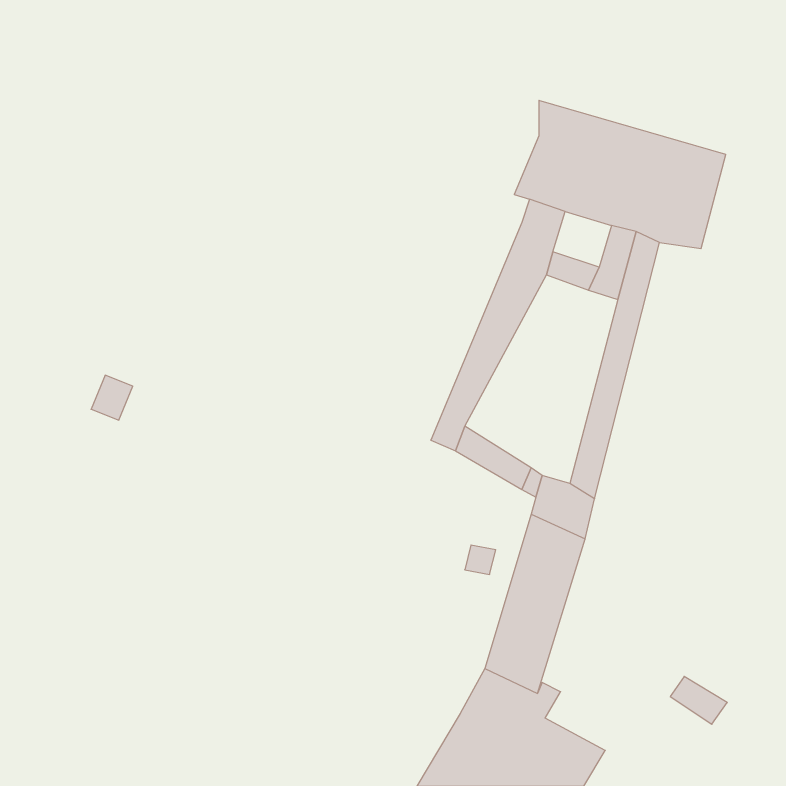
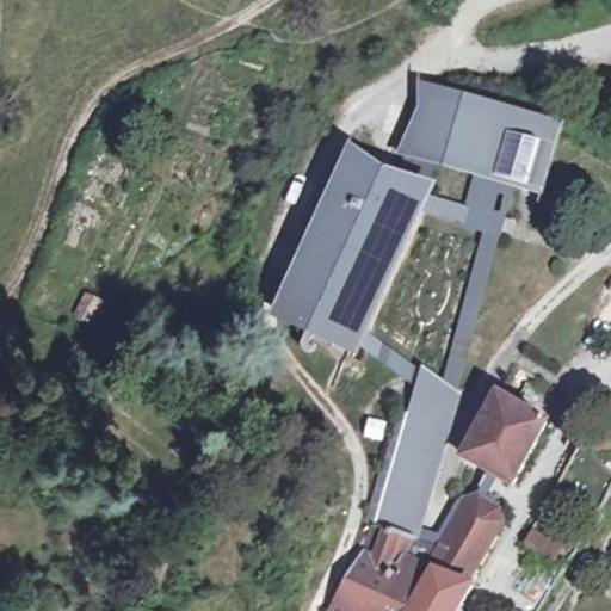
building: none -> [270,142,403,340]
building: none -> [456,385,545,483]
building: none -> [421,488,505,580]

